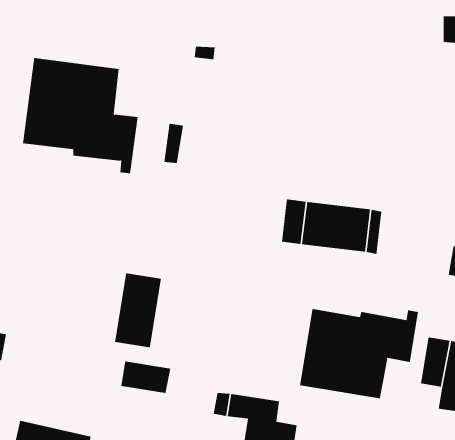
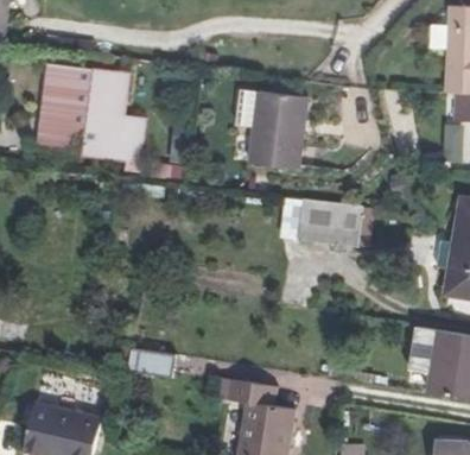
building: none -> [235,89,307,170]
building: [115,273,161,348] -> none
building: [299,308,419,399] -> none

